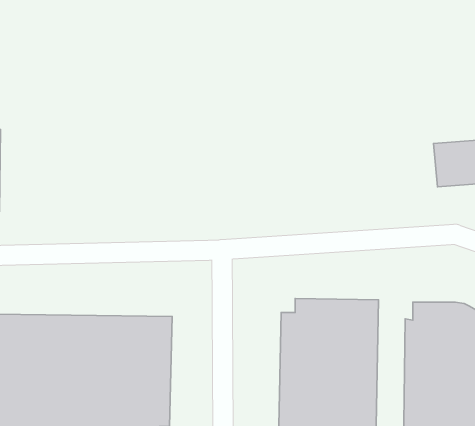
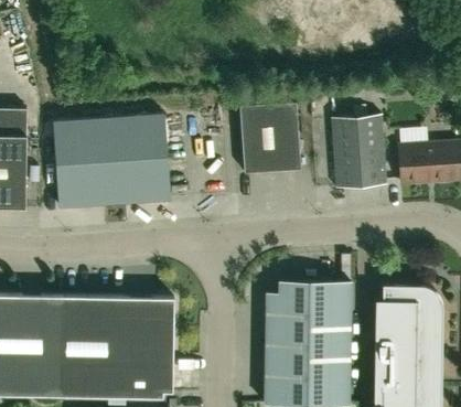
building: none -> [240,104,302,175]
building: none -> [53,116,169,210]
building: none -> [333,117,387,190]

